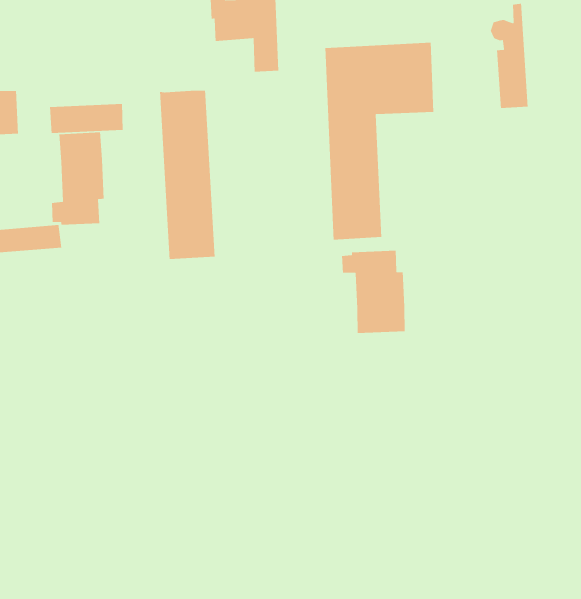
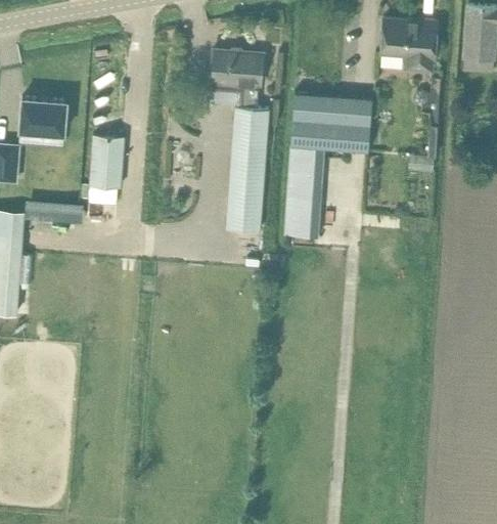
building: [159,90,215,260] -> [228,107,269,232]
building: [49,103,123,134] -> none
building: [341,250,405,334] -> none

